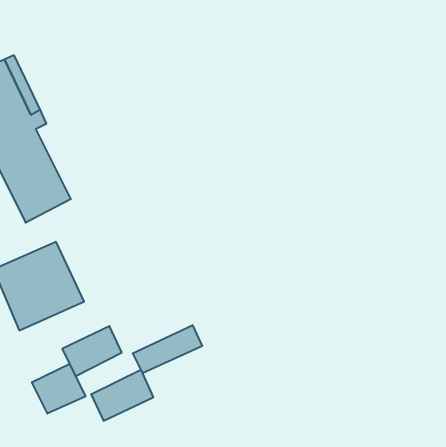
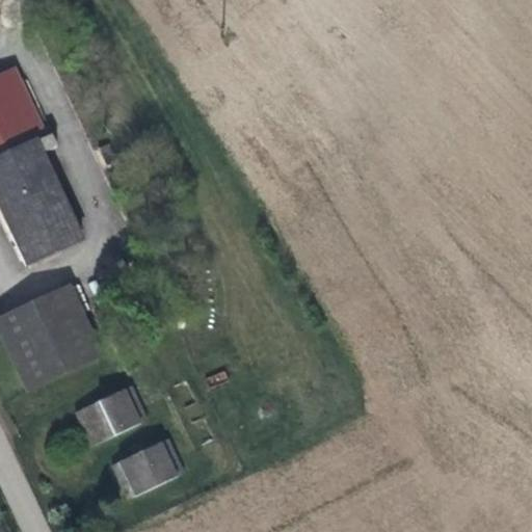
building: [133,325,202,373] -> none
building: [32,364,85,414] -> none

